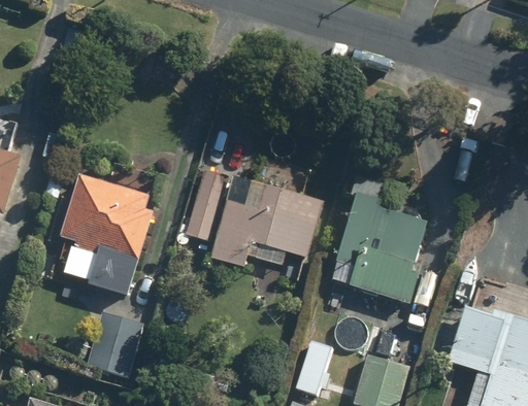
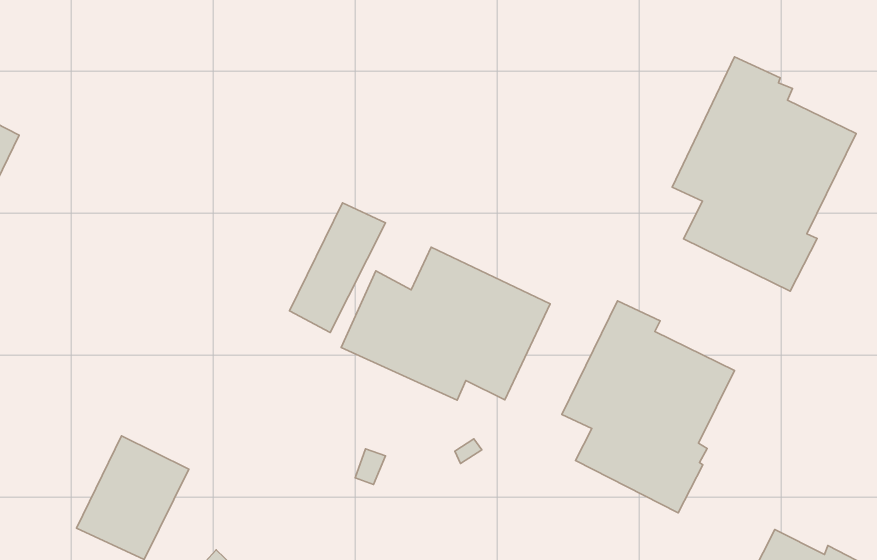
building: none -> [672,57,856,291]
building: [59,174,153,296] -> none

